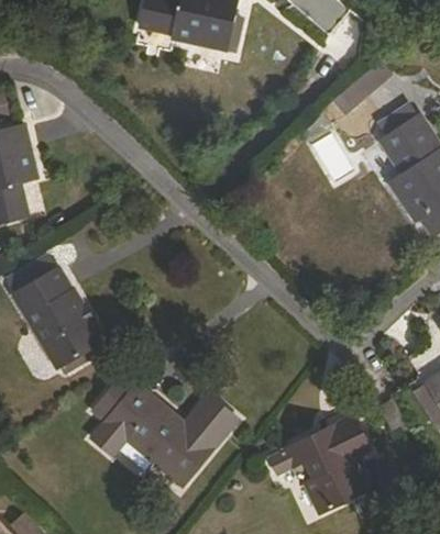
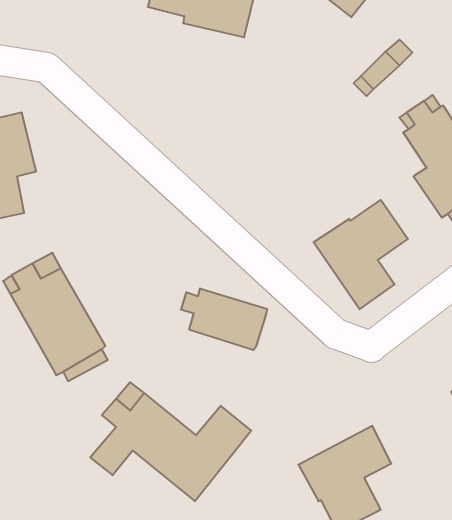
building: none -> [314,200,408,309]
building: none -> [181,288,267,350]

